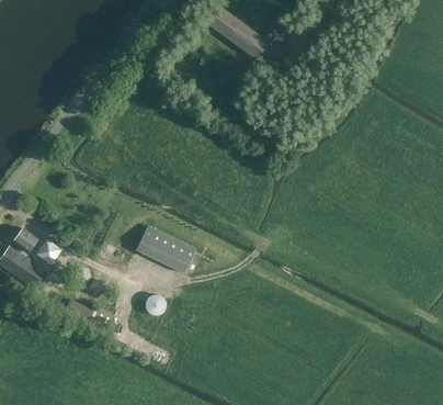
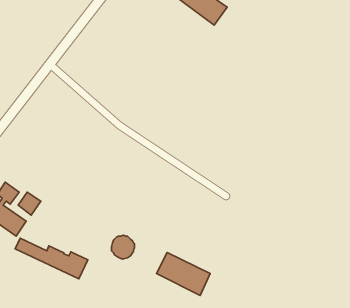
building: [135,226,194,273] -> [156,253,210,295]

